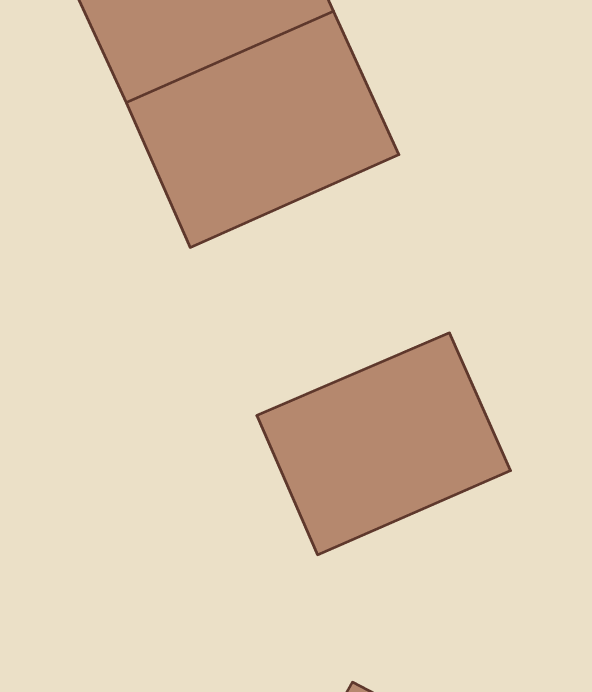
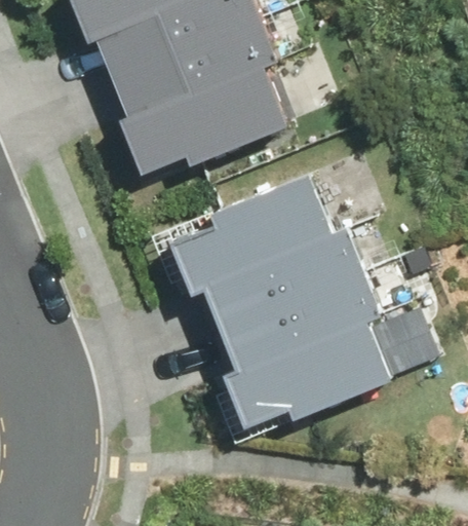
building: none -> [166,157,346,314]

